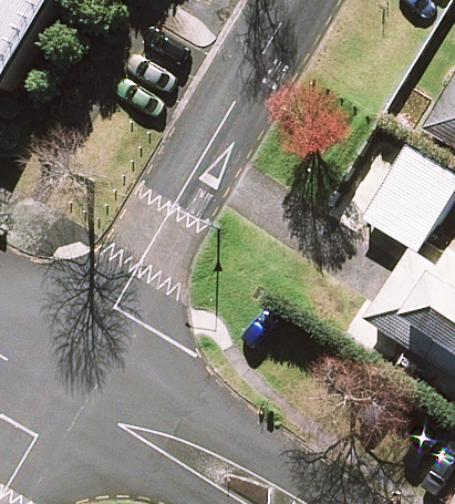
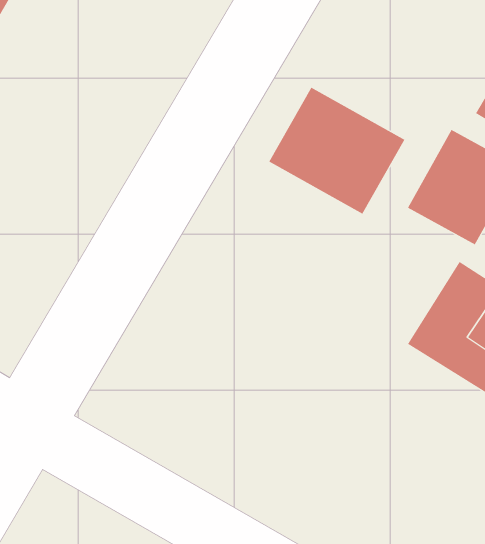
building: none -> [269,87,405,214]

